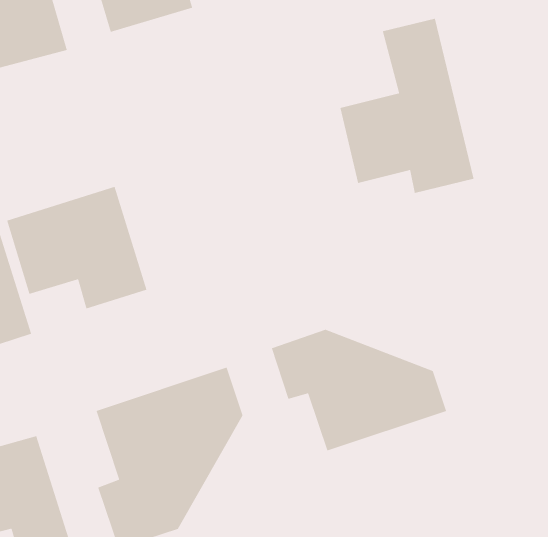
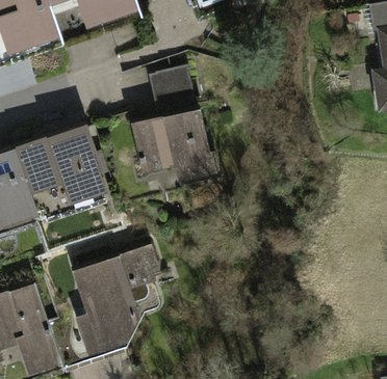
building: [339,18,474,194] -> [129,70,215,182]
building: [271,329,447,452] -> none

